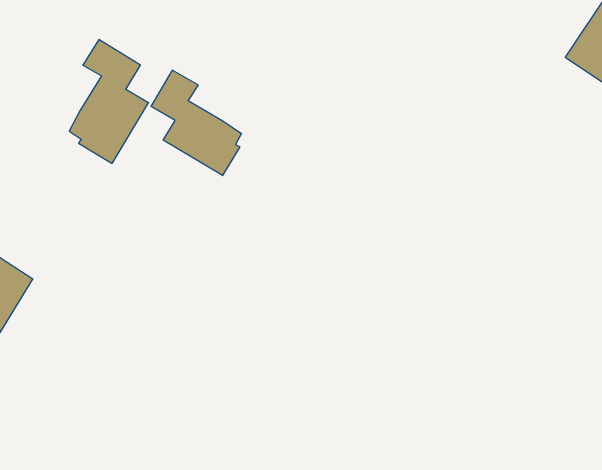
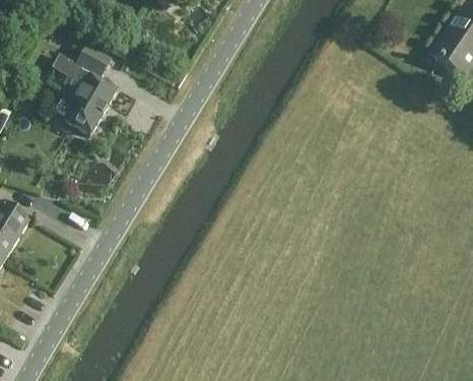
building: [151,70,241,176] -> none

